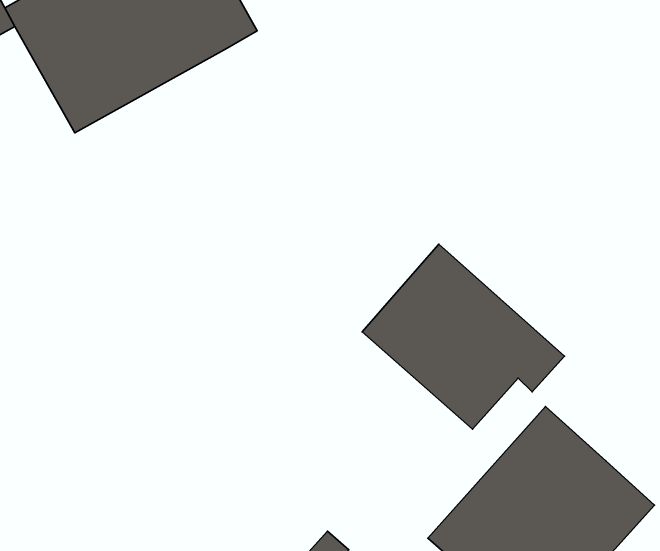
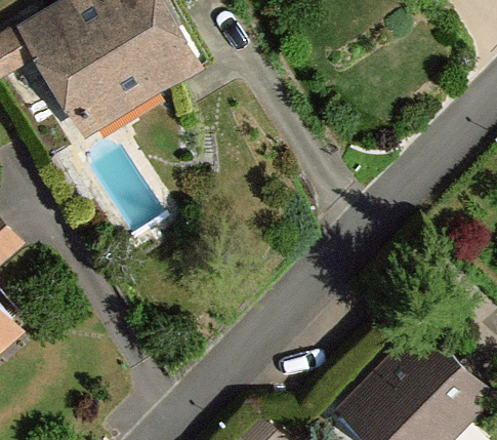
building: [362,244,565,429] -> none

